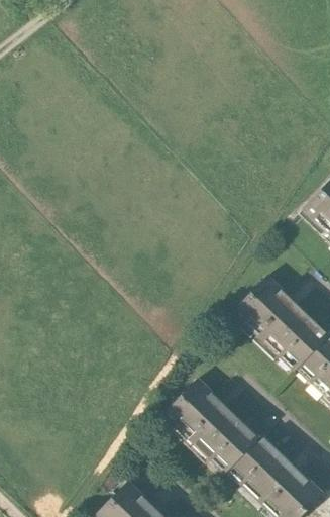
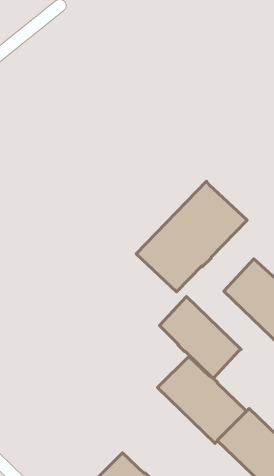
building: none -> [136,181,247,292]
building: none -> [159,297,241,378]

